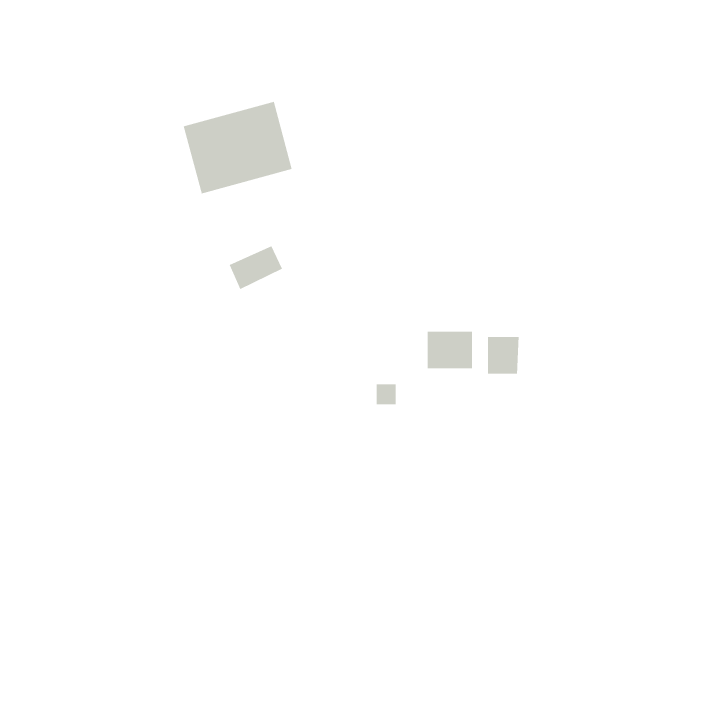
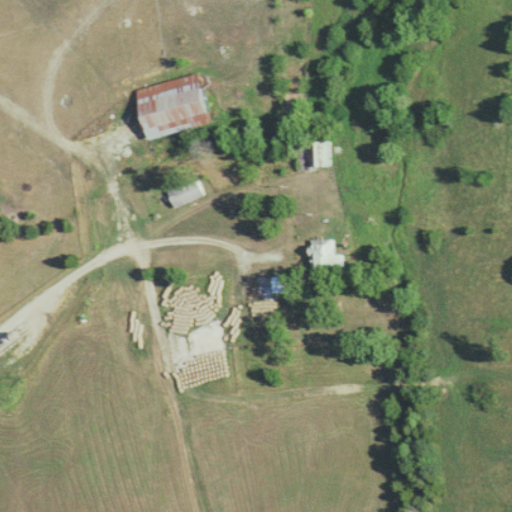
building: none -> [298,142,327,168]
building: [487,336,519,375] -> none

